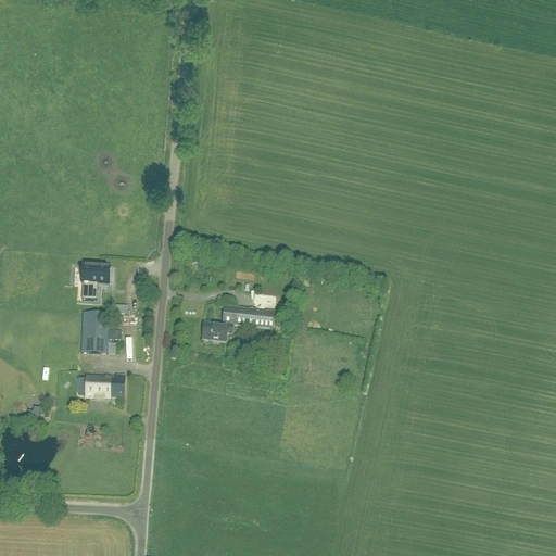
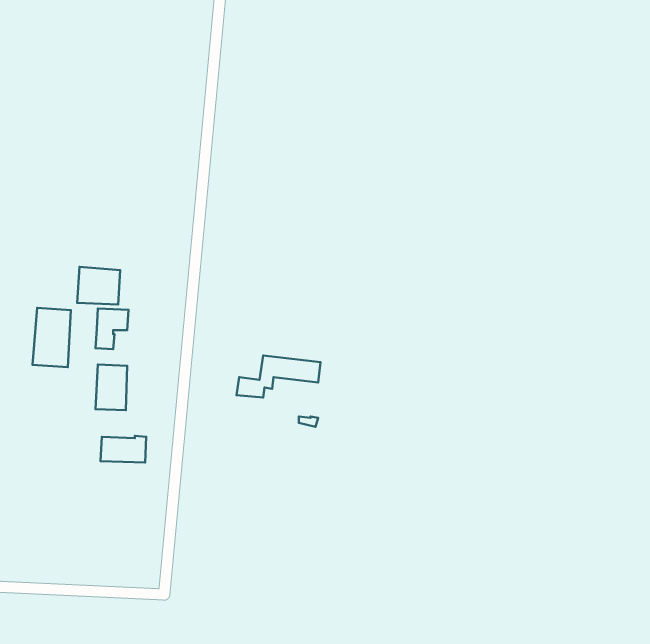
building: none -> [77,267,120,305]
building: none -> [33,308,71,367]

